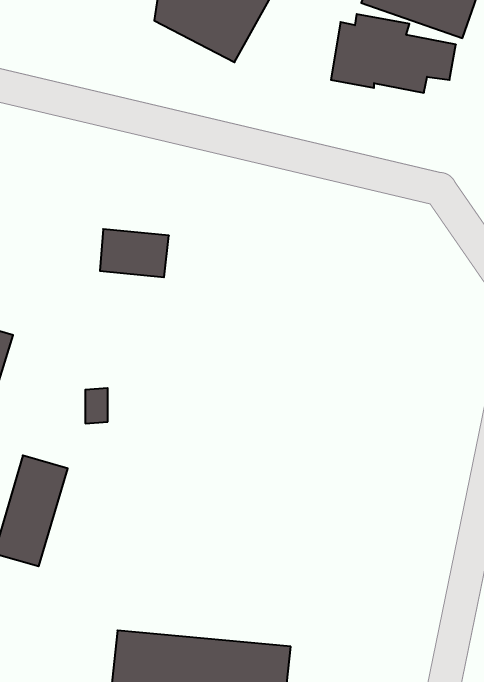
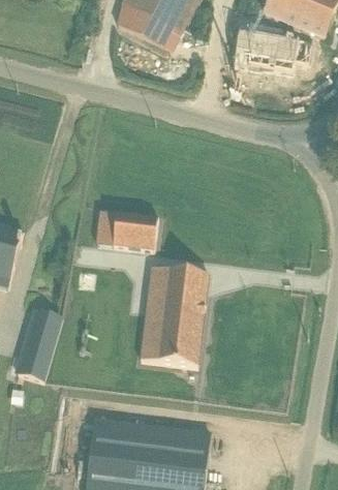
building: [100,229,169,277] -> [98,213,143,244]
building: none -> [141,268,214,367]

